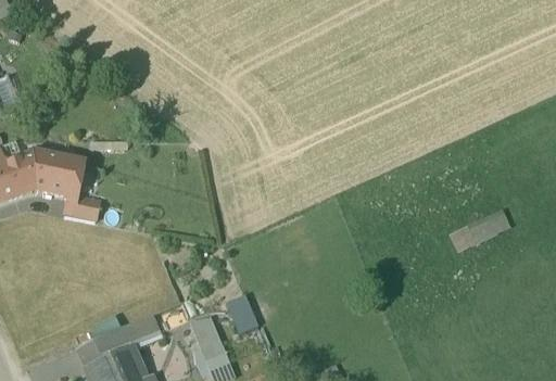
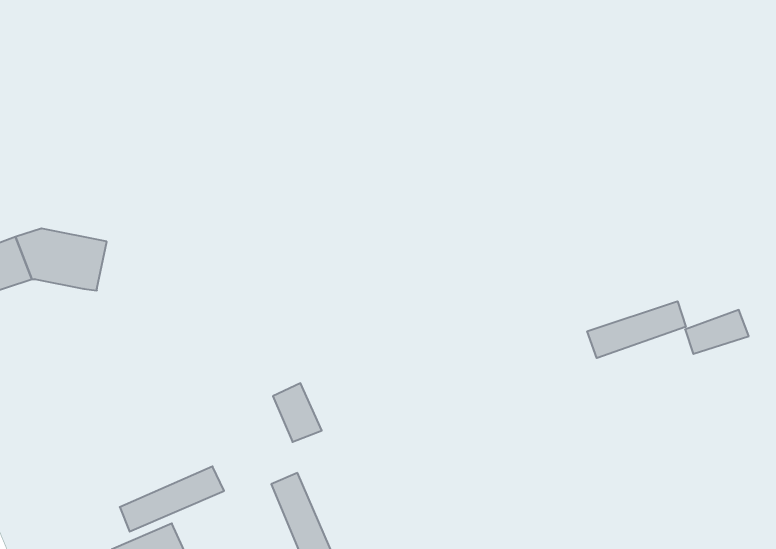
building: [64,195,99,220] -> none
building: none -> [587,301,686,358]
building: [225,294,257,333] -> [273,383,322,442]

